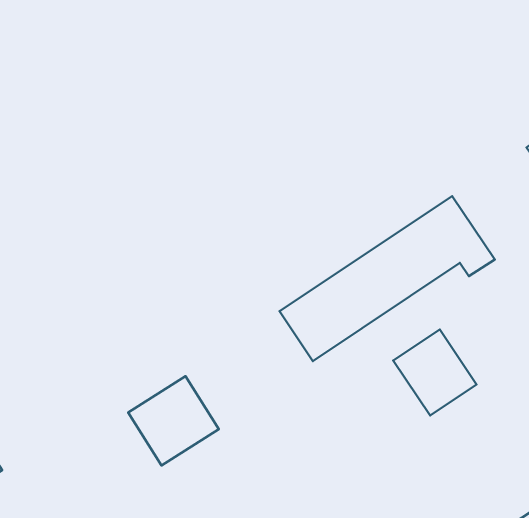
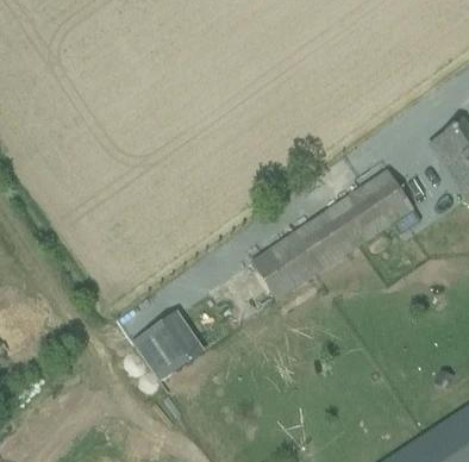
building: [393,330,477,416] -> none

